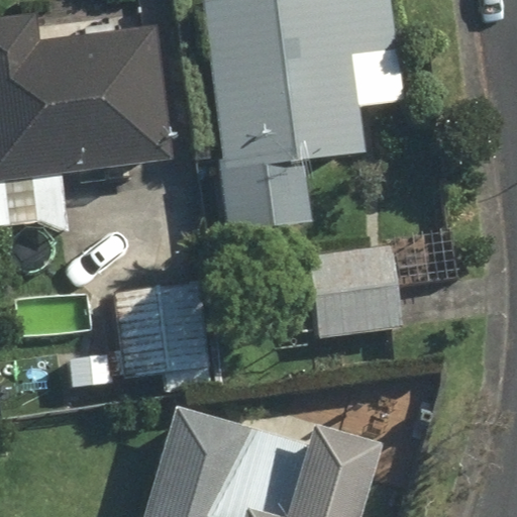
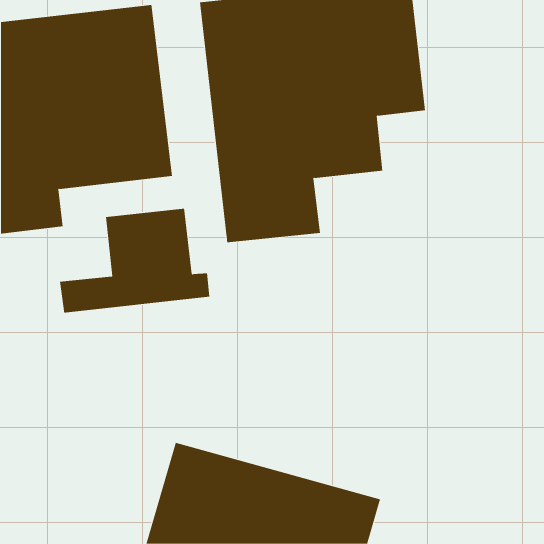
building: [308,249,400,347] -> none
building: [77,283,216,380] -> [59,208,210,313]

